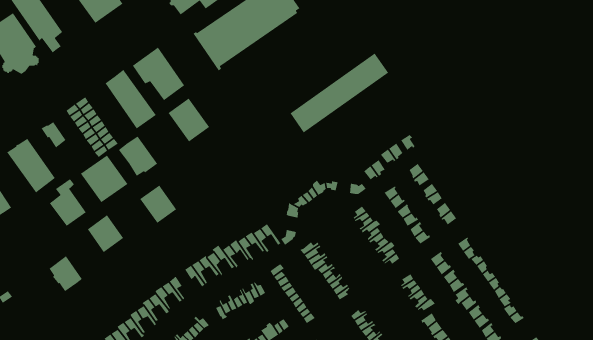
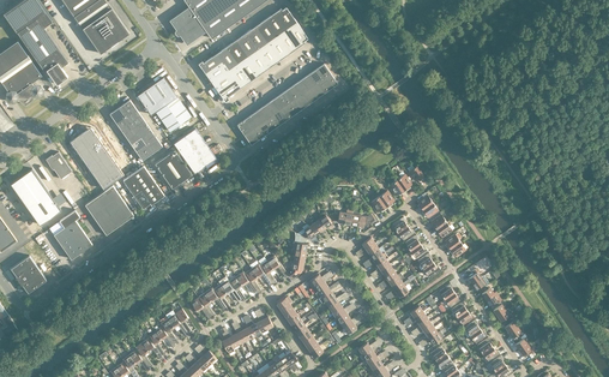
building: [289,53,389,133] -> [236,64,337,145]
building: [139,185,177,224] -> [153,149,192,189]
building: [87,214,124,253] -> none
building: [48,255,83,292] -> [11,256,46,293]

